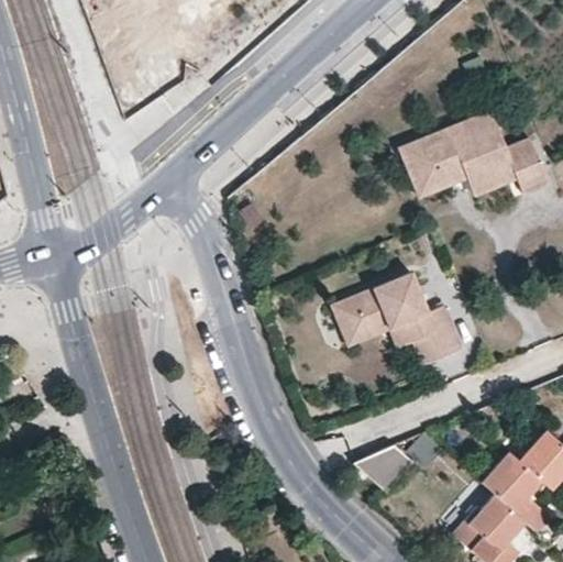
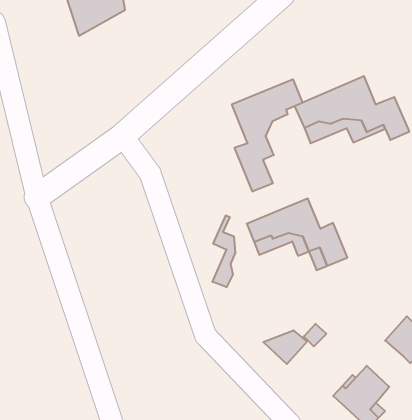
building: none -> [232,79,303,192]
building: none -> [212,215,235,287]
building: [477,448,547,529] -> none

